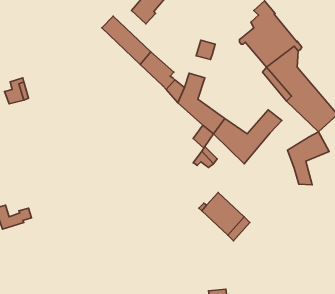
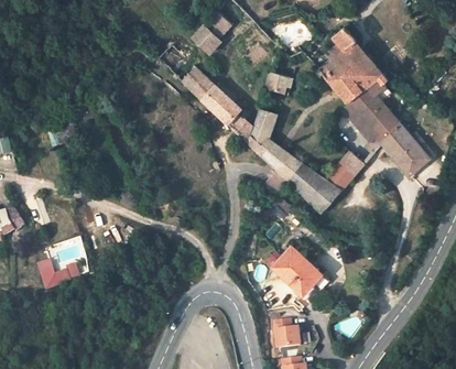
building: [288,132,329,185] -> none
building: none -> [273,318,300,347]

